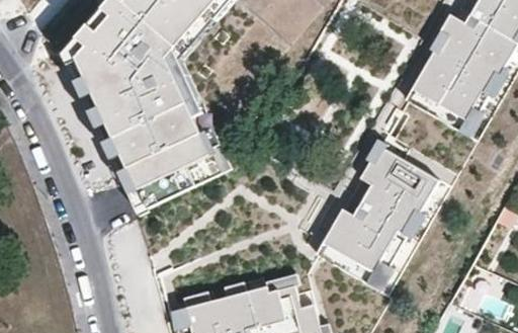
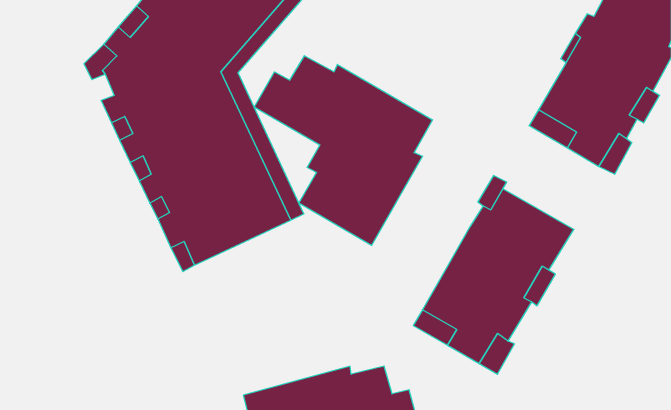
building: none -> [254,56,432,245]

